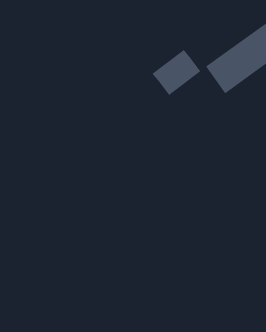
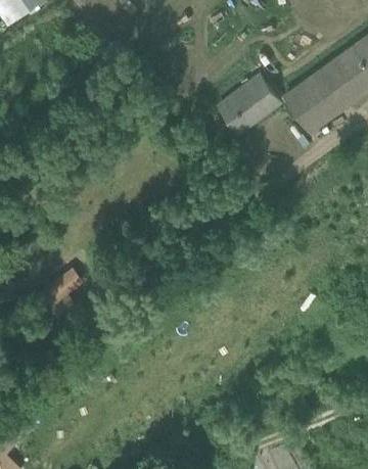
building: none -> [34,269,81,319]

